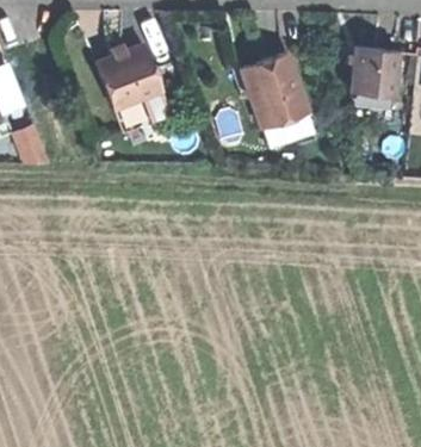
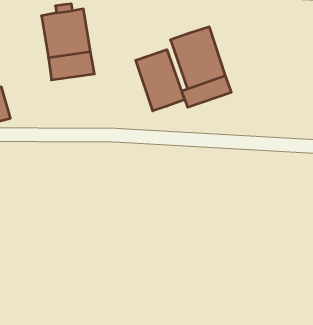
building: [353,50,402,95] -> none
building: none -> [136,50,185,111]

